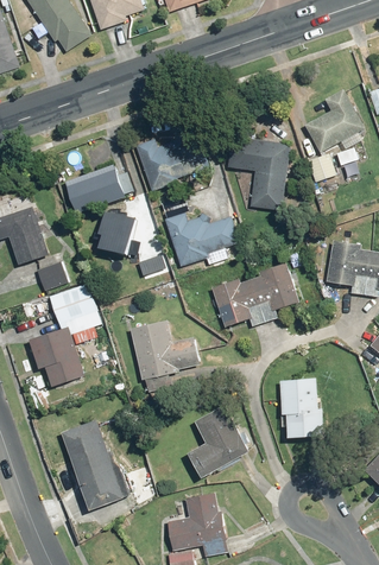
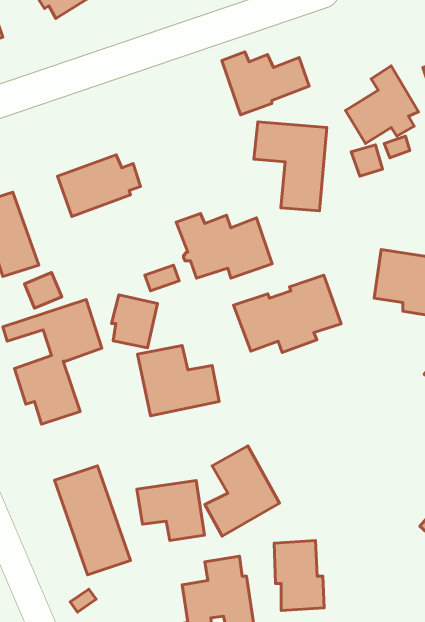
building: [135,138,208,190] -> [222,52,309,115]
building: [97,210,135,254] -> [112,295,157,348]
building: [280,379,322,437] -> [274,540,324,611]
building: none -> [137,480,204,540]

